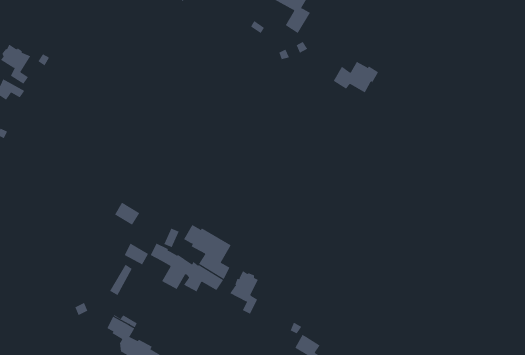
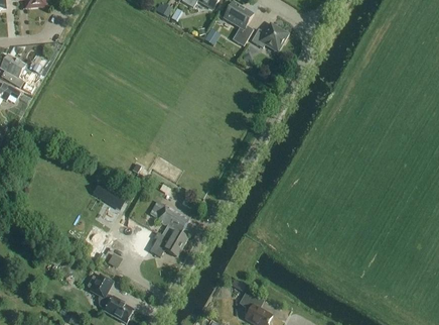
building: [333,61,379,93] -> [252,23,289,49]
building: [230,270,259,314] -> none

